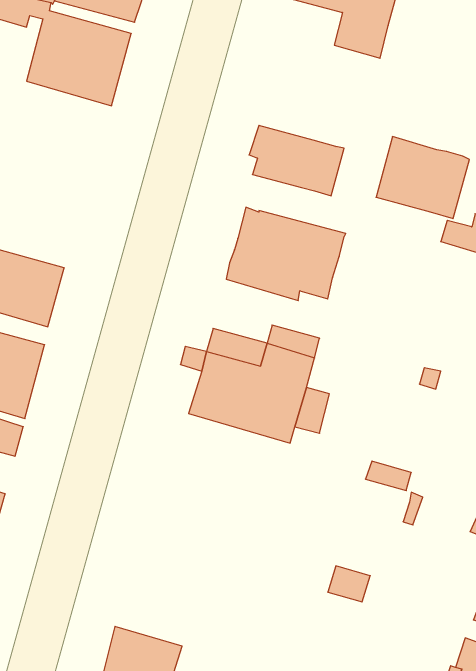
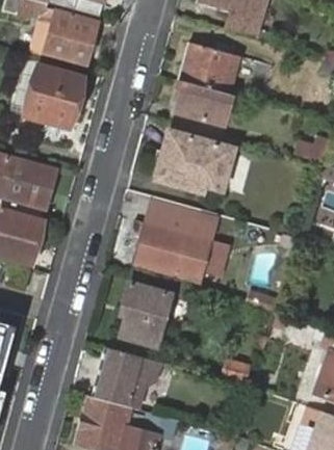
building: none -> [24,65,81,128]
building: [376,137,469,219] -> [179,42,238,94]
building: none -> [120,284,165,347]
building: none -> [92,347,161,409]

